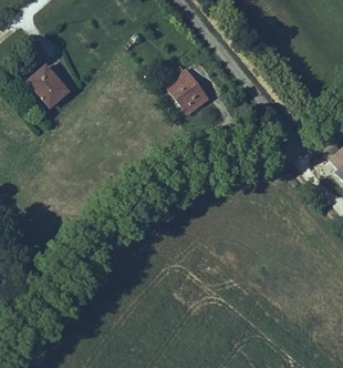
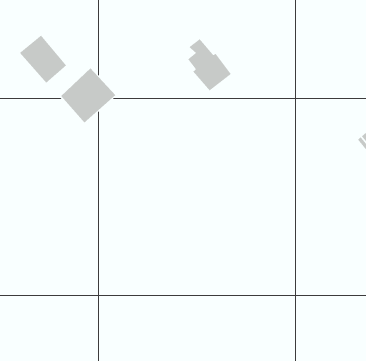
building: none -> [60,68,116,123]

